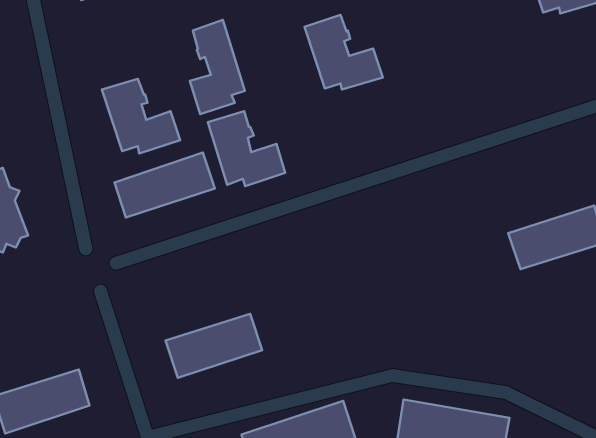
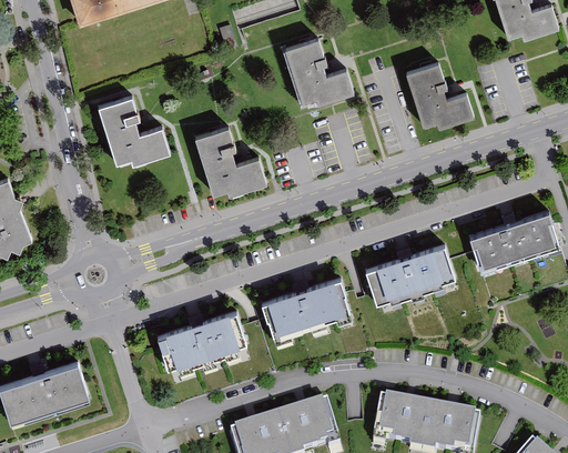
building: [190,20,245,114] -> none
building: none -> [403,62,474,131]
building: [115,152,215,218] -> none
building: none -> [365,248,454,306]
building: none -> [262,281,352,340]

